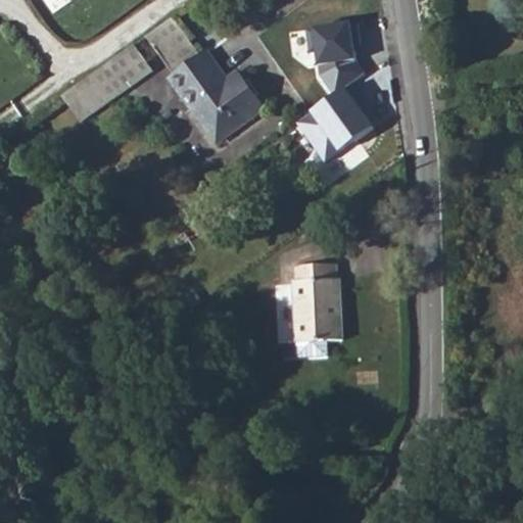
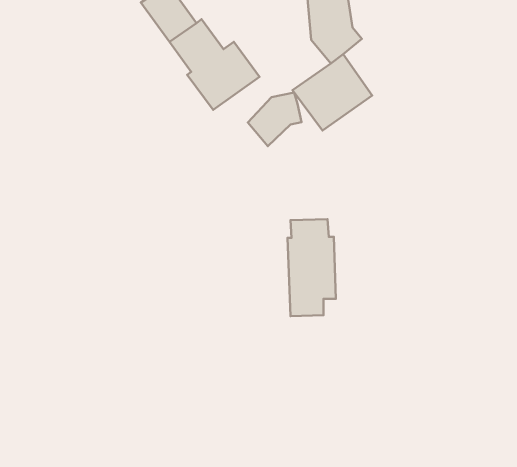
building: [60,42,153,121] -> none
building: none -> [248,93,301,146]

